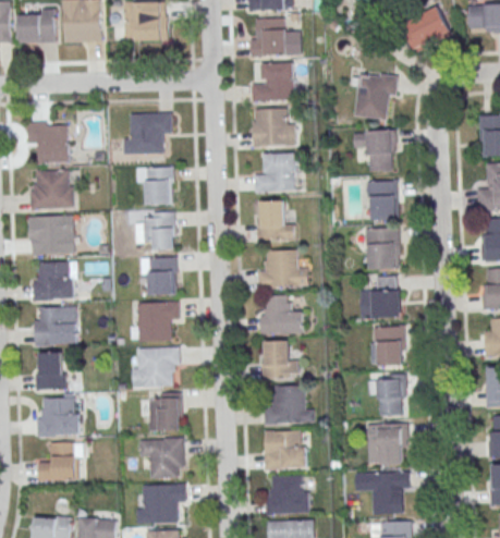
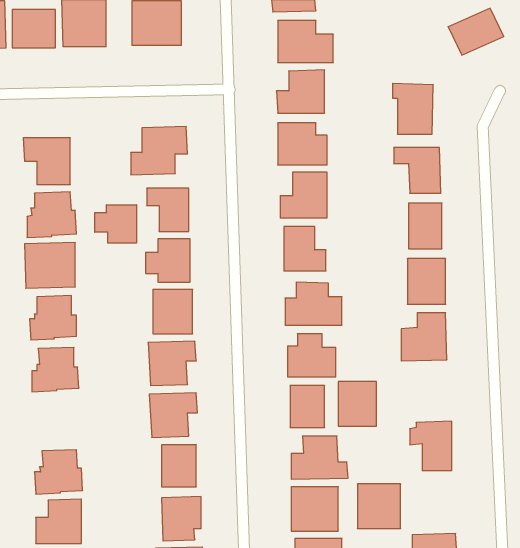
building: none -> [95,205,136,243]
building: [370,326,404,365] -> [338,382,376,426]
building: [36,352,65,390] -> none
building: [367,424,405,463] -> [357,484,401,528]

